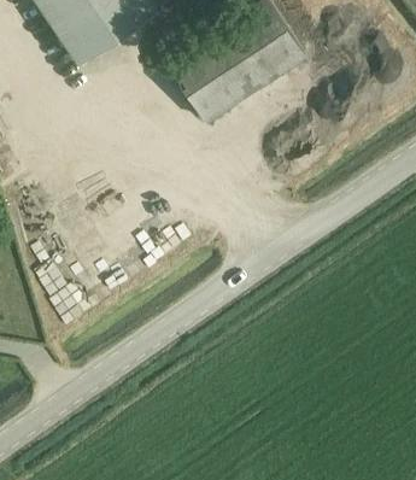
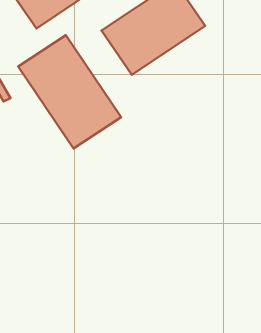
building: none -> [18,35,121,149]

